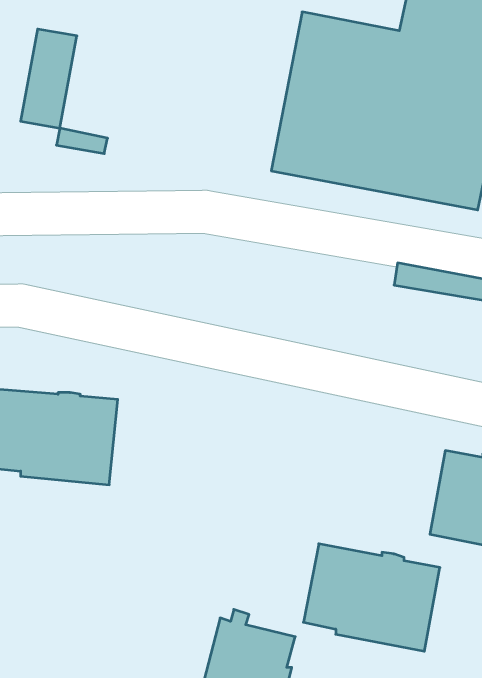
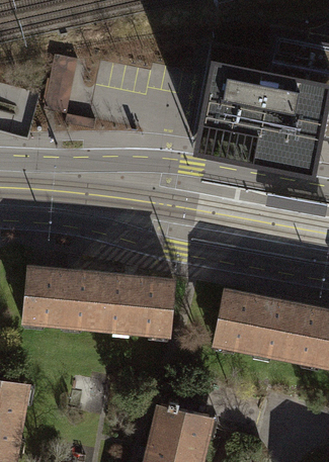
building: none -> [97,278,175,334]
building: [303,544,440,651] -> [216,294,297,358]

